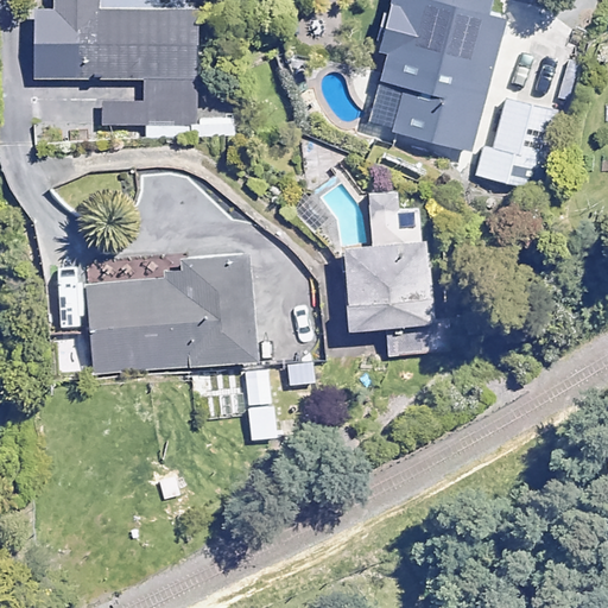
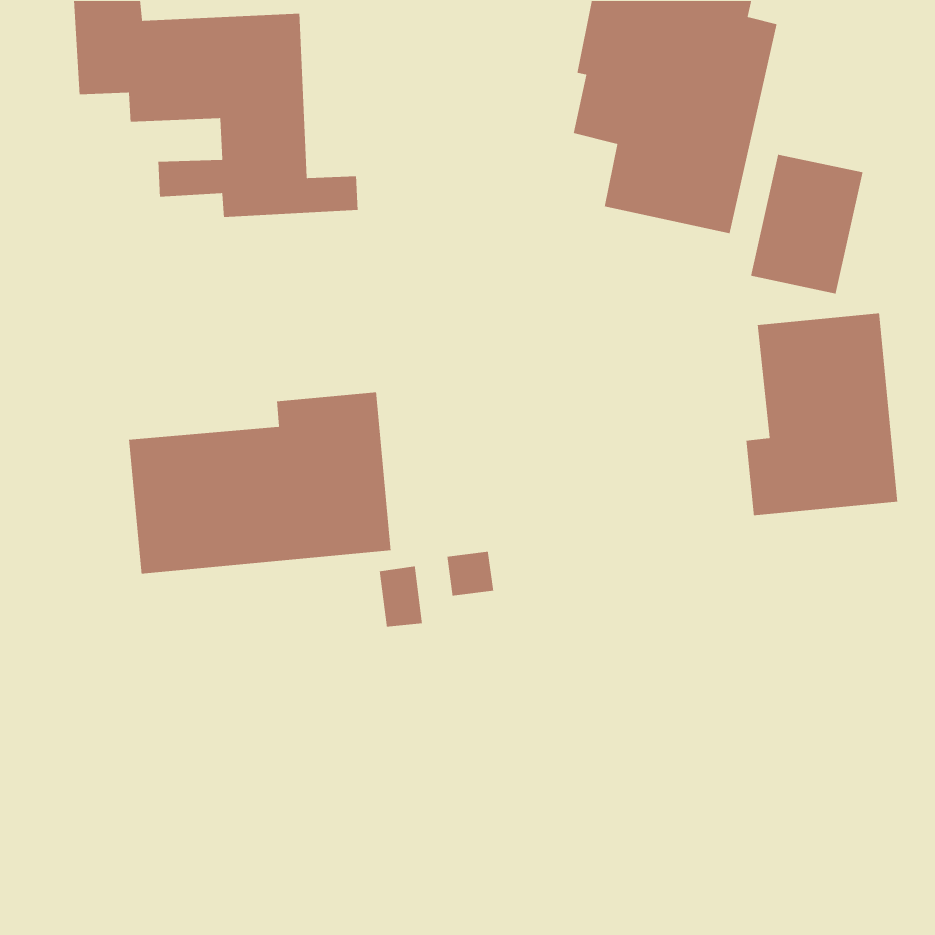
building: [337,189,430,328] -> none
building: none -> [746,313,898,516]

